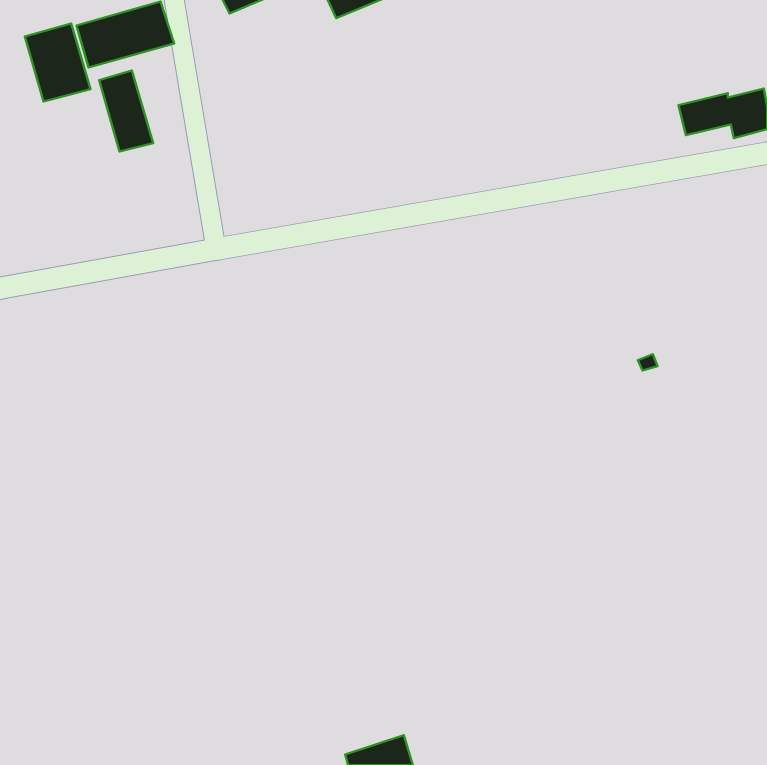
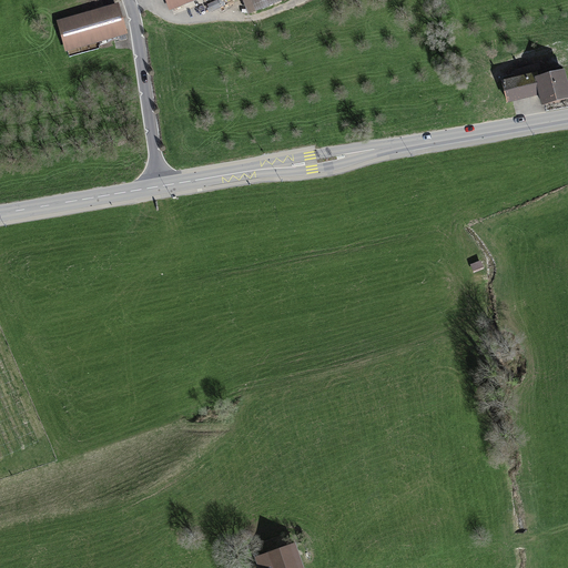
building: [25,23,91,102] -> none
building: [99,71,153,152] -> none

